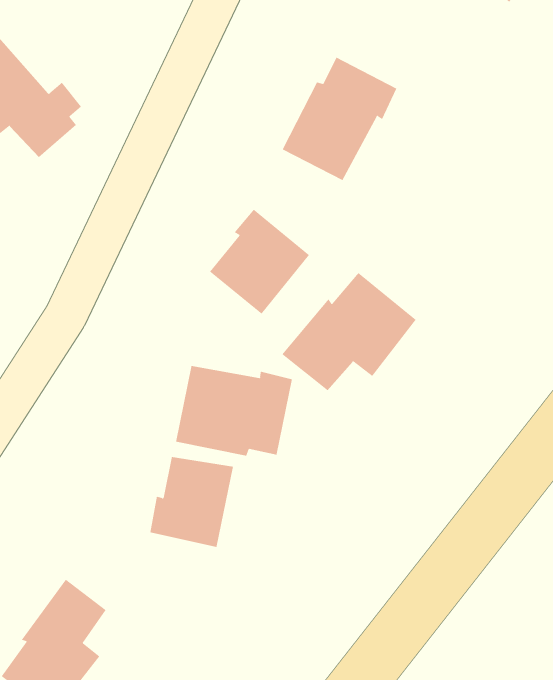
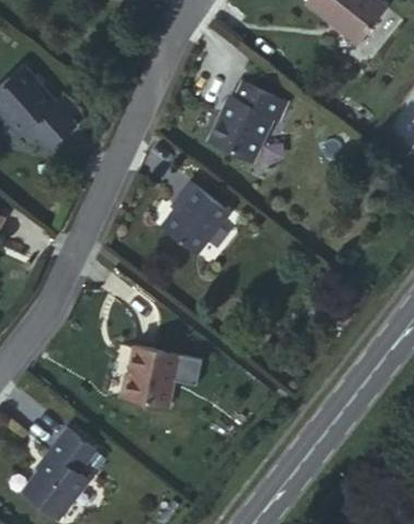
building: [282,272,417,391] -> none
building: [176,365,292,457] -> none

